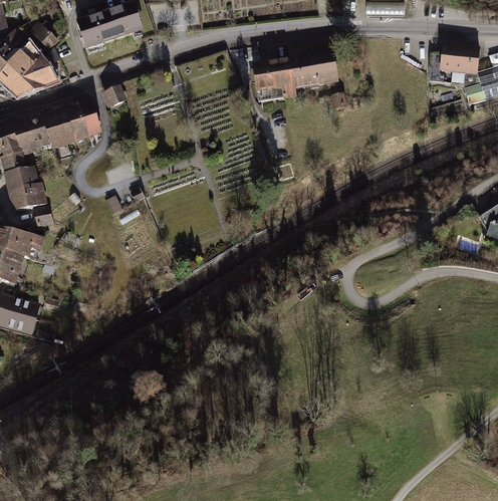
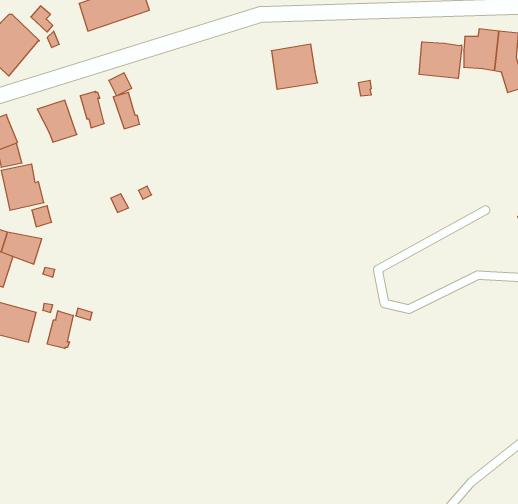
building: [289,52,336,85] -> none
building: [13,56,55,94] -> none
building: none -> [419,42,462,79]
building: [64,106,88,140] -> [113,92,140,129]
building: [12,118,50,151] -> none
building: none -> [47,311,73,349]

